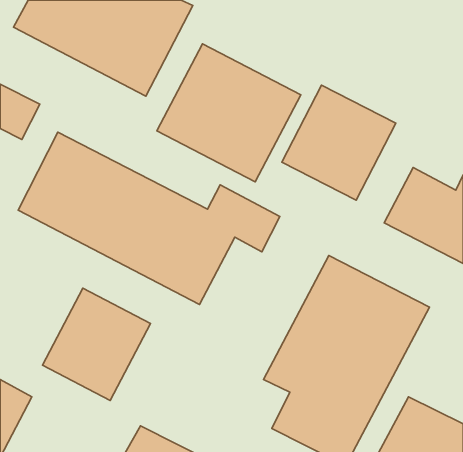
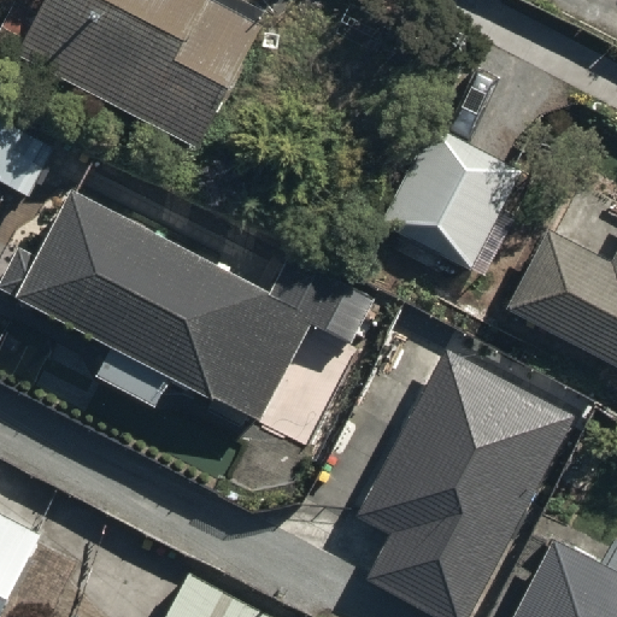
building: [157,44,301,182] -> none
building: [42,288,151,401] -> none

